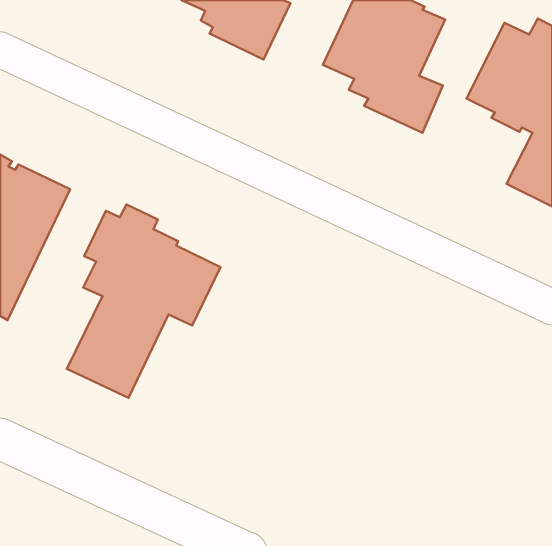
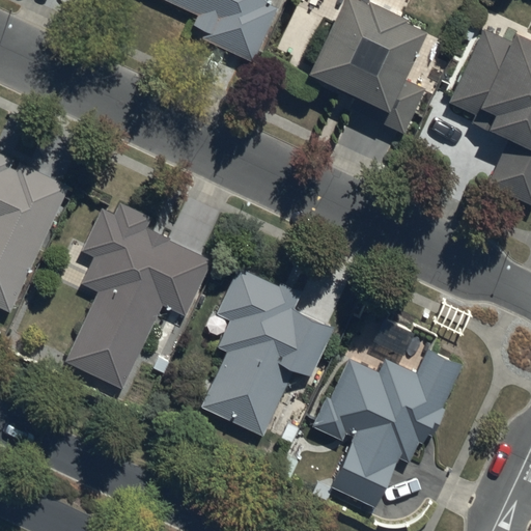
building: none -> [200,268,336,436]
building: none -> [313,350,464,506]

